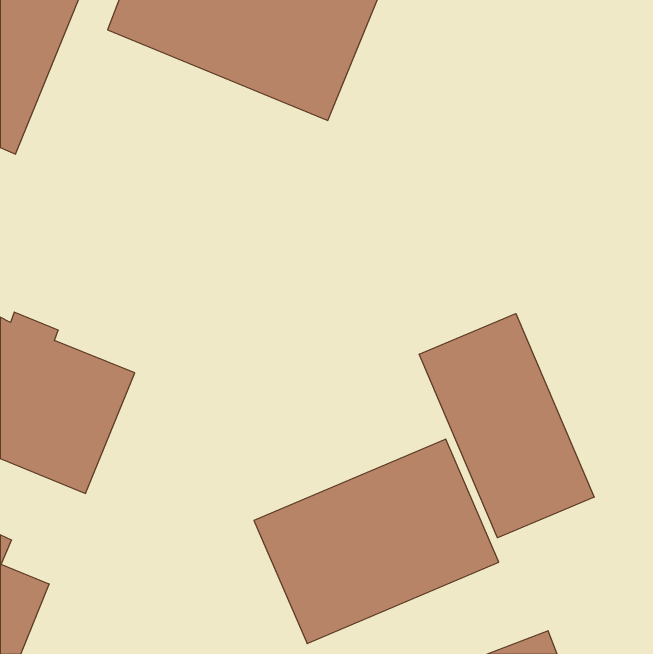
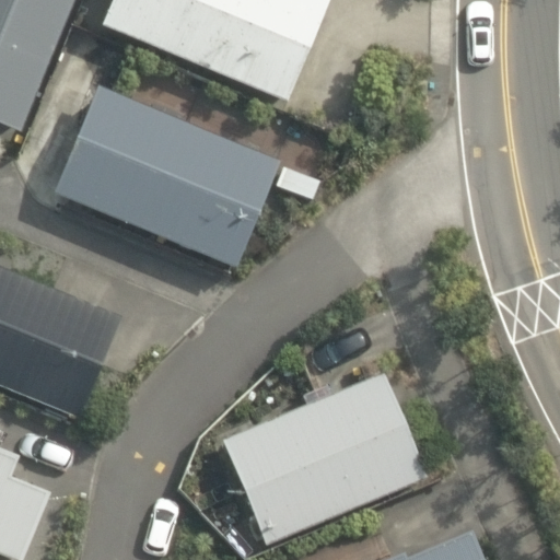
building: none -> [51,85,278,268]
building: [419,314,594,538] -> none

